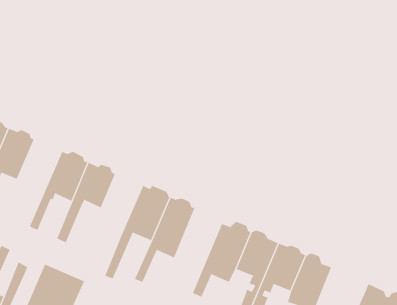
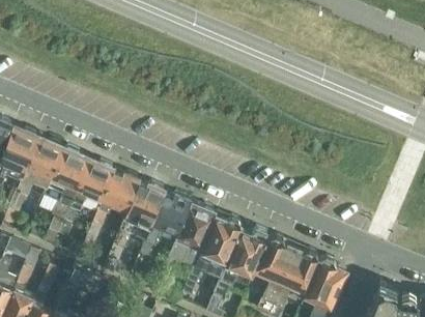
building: none -> [45,148,89,233]
building: none -> [104,183,166,272]
building: none -> [182,215,240,296]

